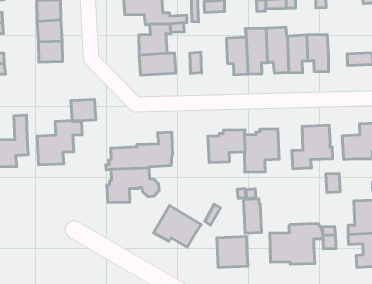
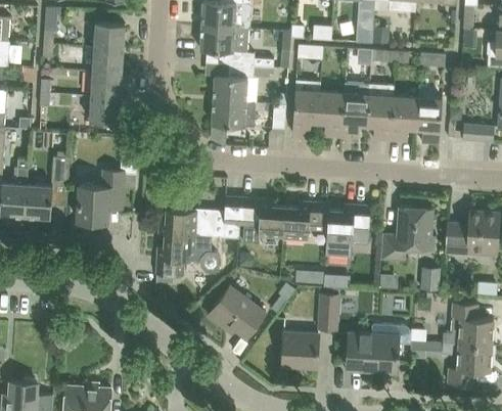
building: none -> [292,80,320,135]
building: [71,100,96,121] -> [90,96,120,123]
building: none -> [240,197,285,242]

